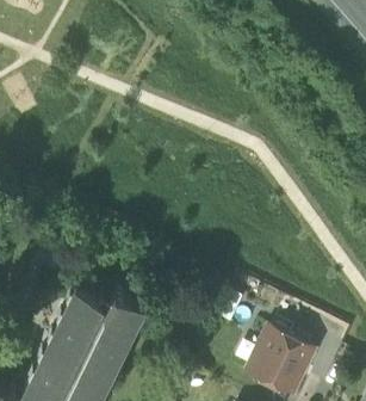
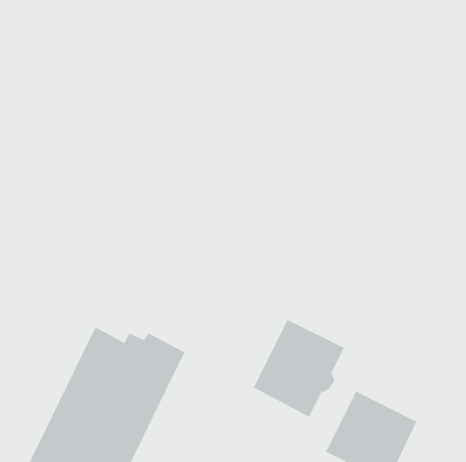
building: none -> [253,319,345,417]

